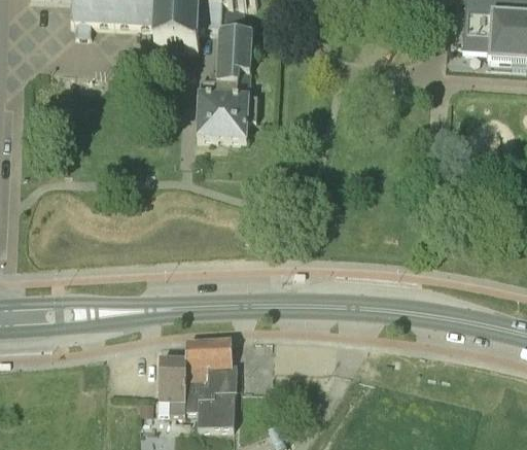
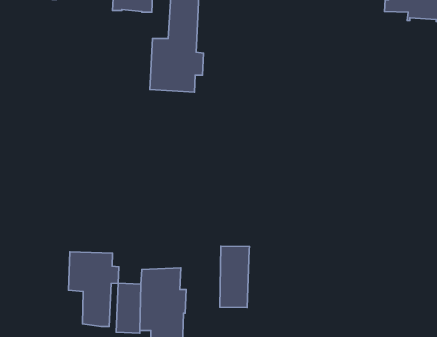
building: none -> [220,246,250,307]
building: none -> [69,252,119,327]

